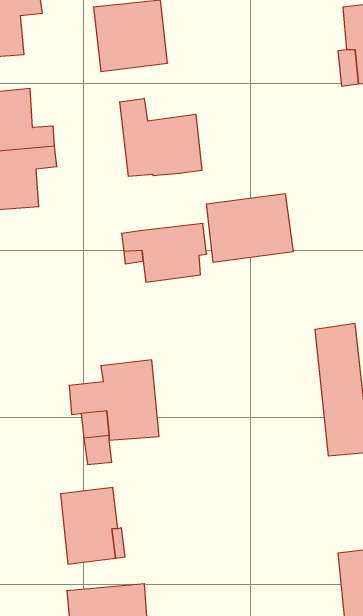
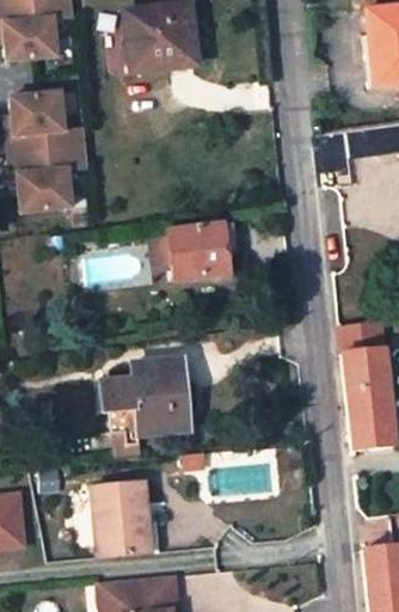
building: [120,98,202,176] -> none
building: [206,194,293,262] -> none

